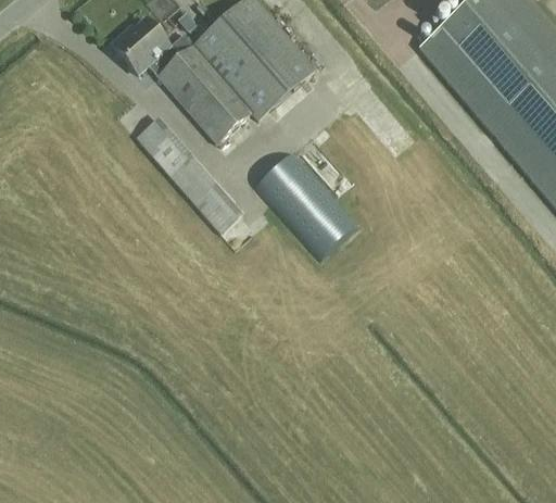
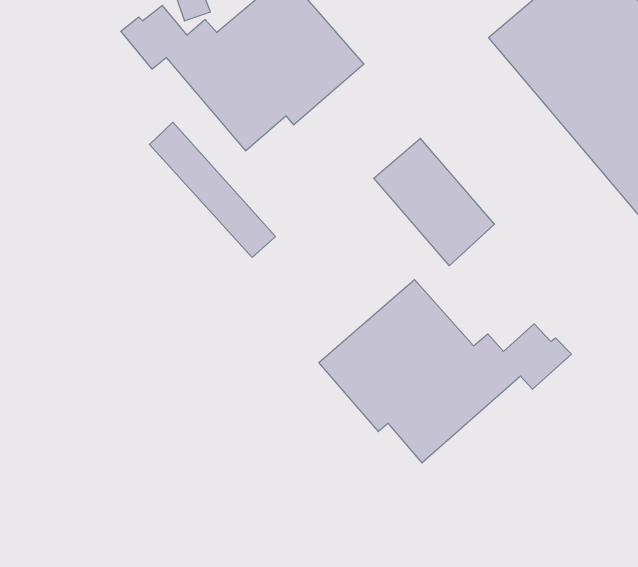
building: [256,151,357,257] -> [374,138,495,266]
building: none -> [319,280,571,463]

